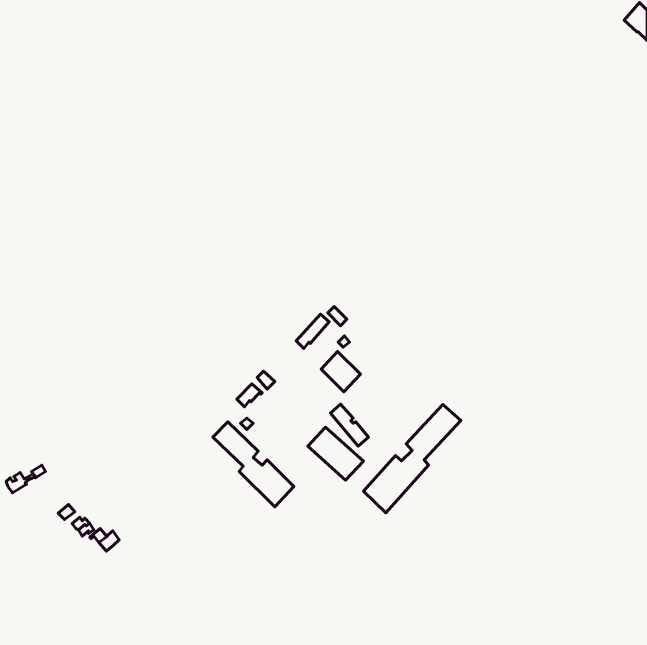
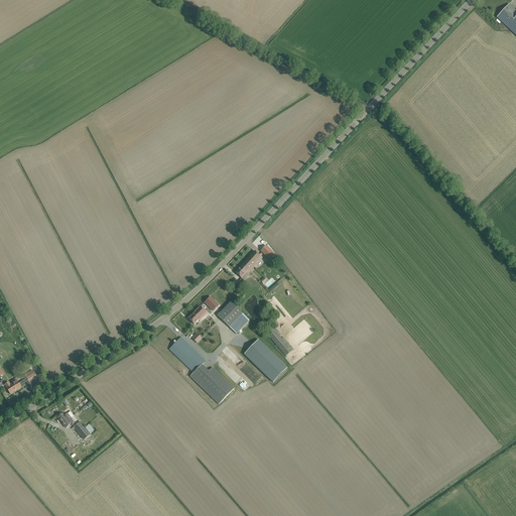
building: [321,351,360,392] -> [218,300,249,333]
building: [364,404,461,513] -> none

